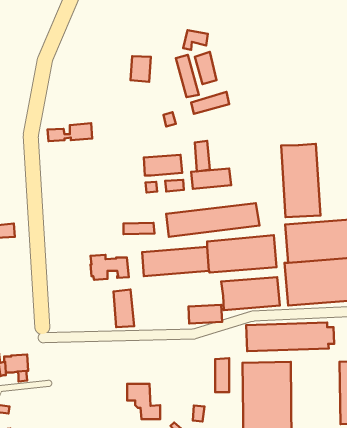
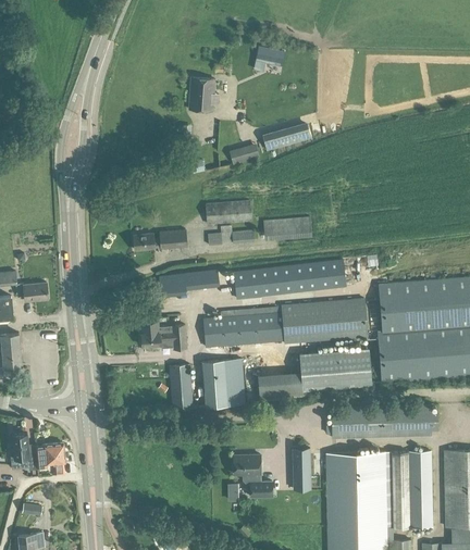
building: [195,52,217,84] -> none
building: [176,55,199,97] -> none
building: [48,123,92,141] -> [133,228,187,250]
building: [195,141,210,171] -> none
building: [281,144,320,217] -> none
building: none -> [201,358,246,407]
building: none -> [391,450,433,527]
building: [127,384,160,419] -> [233,453,273,497]

